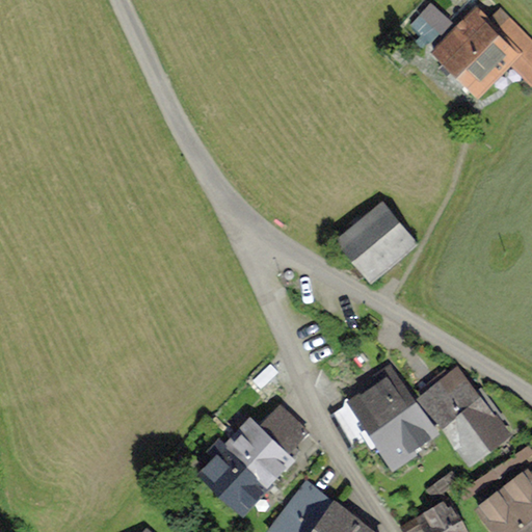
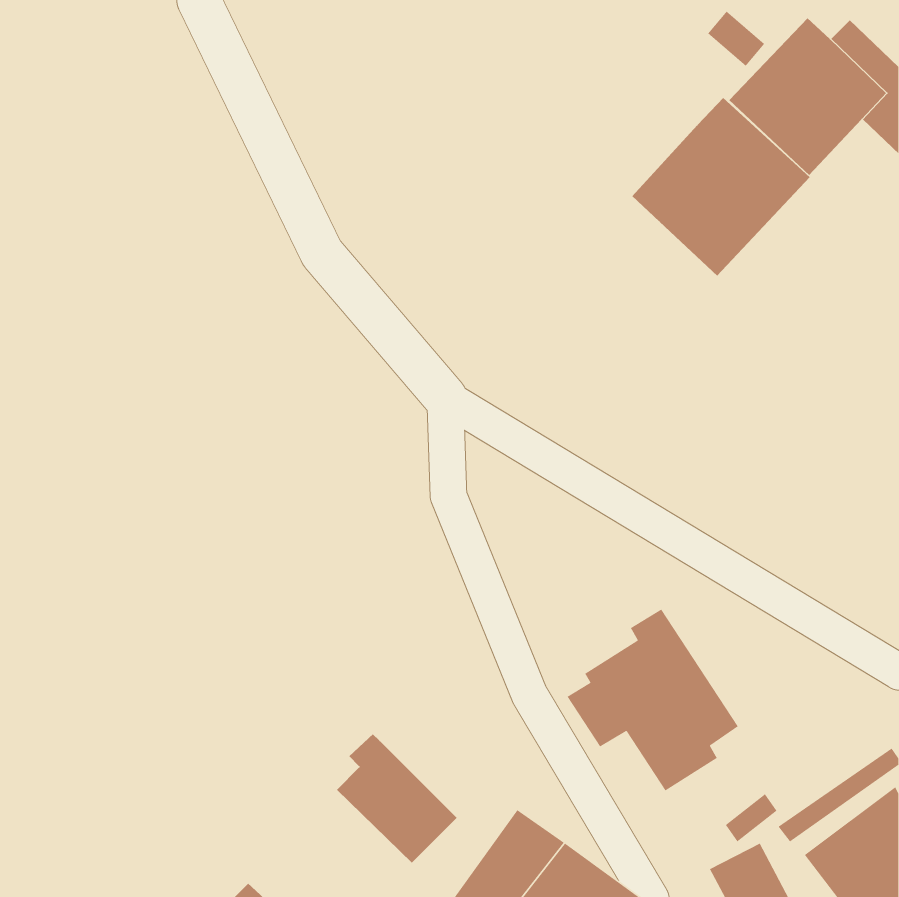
building: none -> [632,97,811,277]
building: [337,207,419,287] -> none
building: [418,364,510,462] -> none
building: [224,402,309,484] -> none

